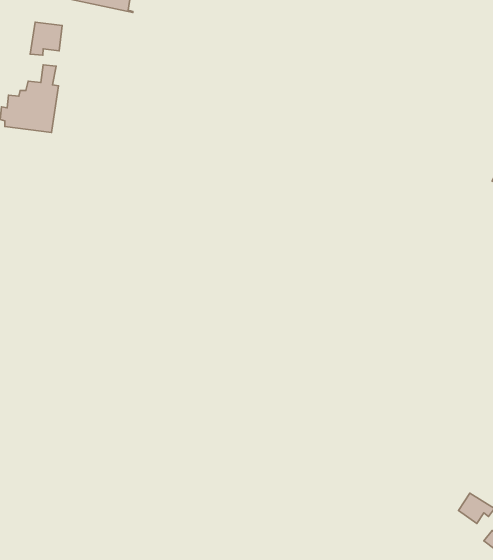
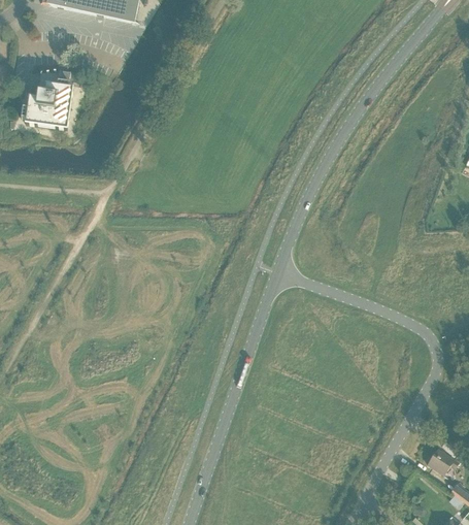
building: [30,22,62,55] -> none

